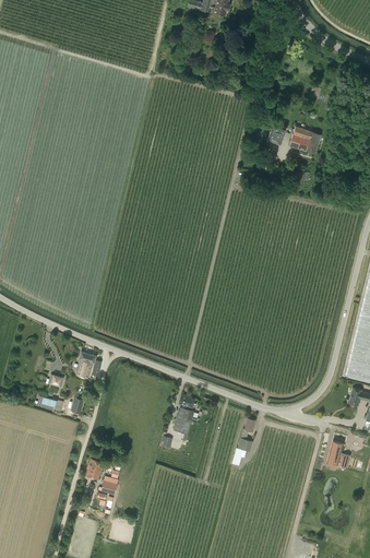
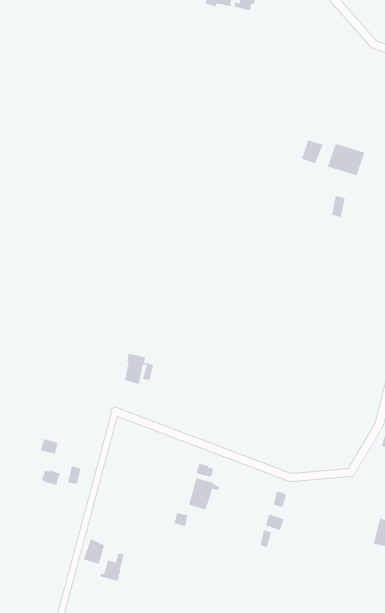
building: [76,352,102,378] -> [124,353,154,384]

